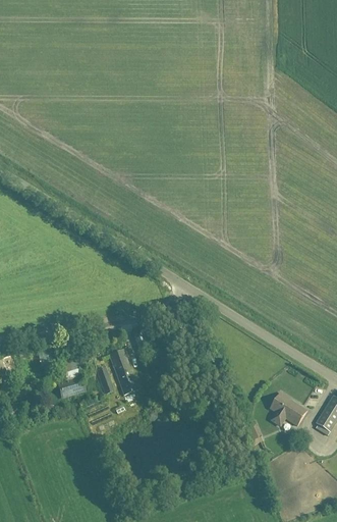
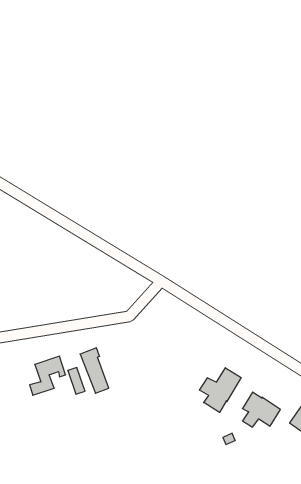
building: none -> [200,368,241,412]

